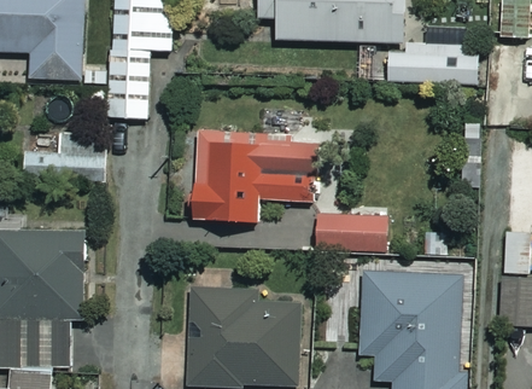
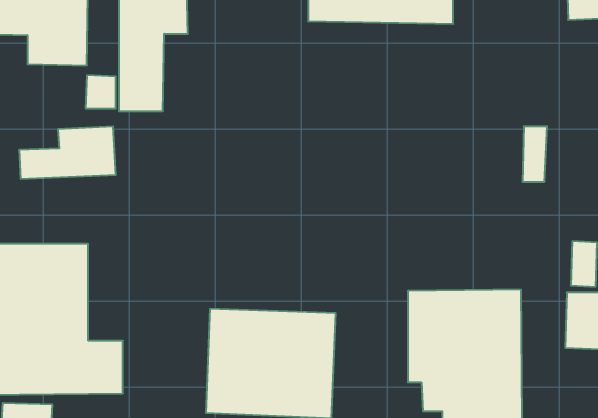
building: [388,47,483,82] -> none
building: [193,132,312,223] -> none
building: [318,214,386,250] -> none

